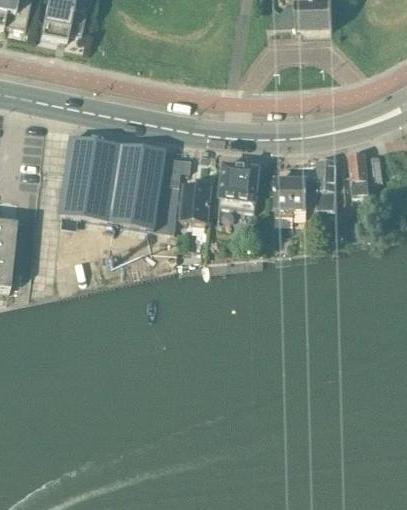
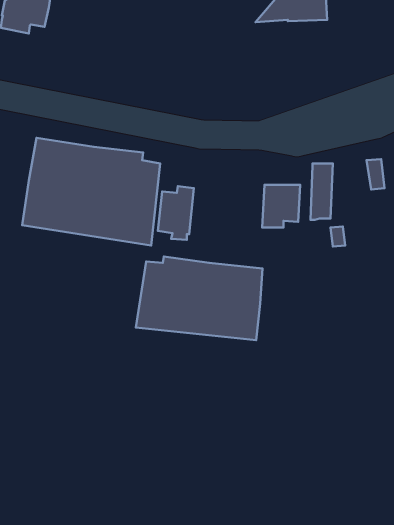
building: [348,151,370,202] -> none
building: [219,162,259,210] -> none
building: none -> [136,256,263,340]

